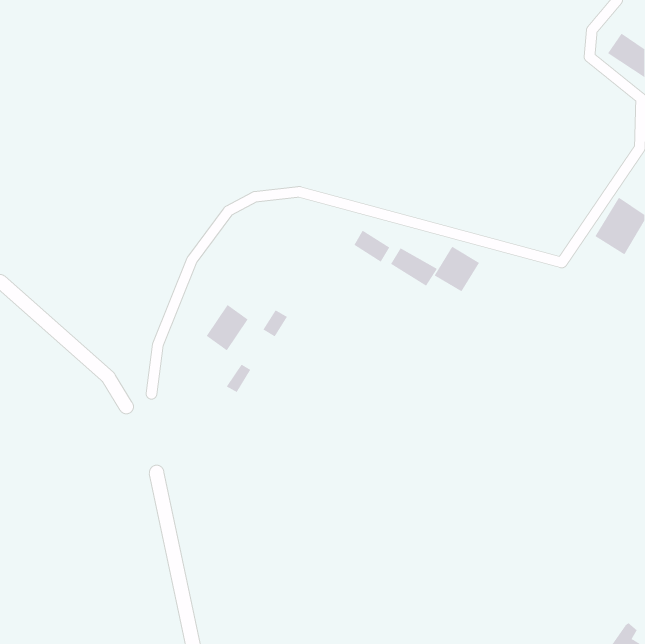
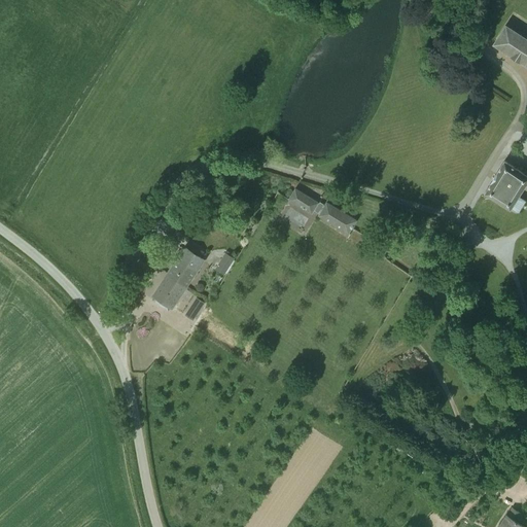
building: [434,246,480,292] -> none
building: none -> [154,275,185,308]

